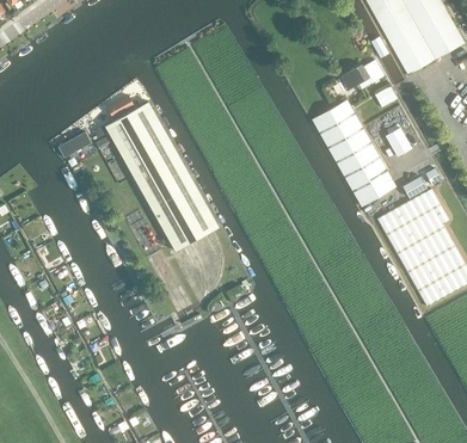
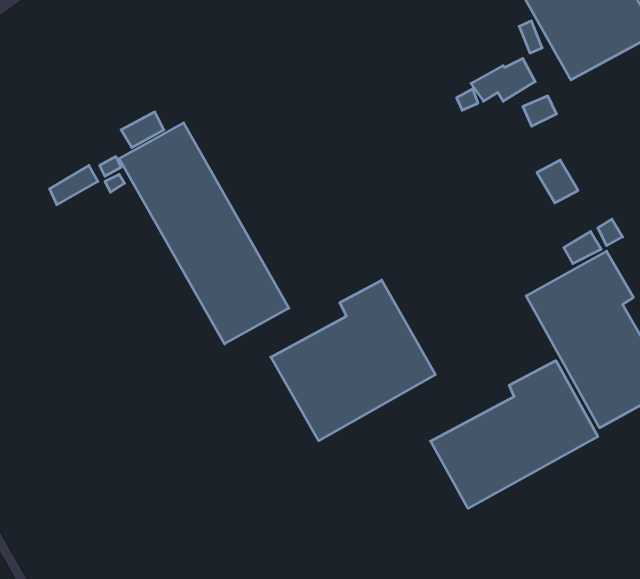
building: [312,99,397,207] -> none
building: none -> [271,280,435,441]
building: none -> [430,361,598,508]

